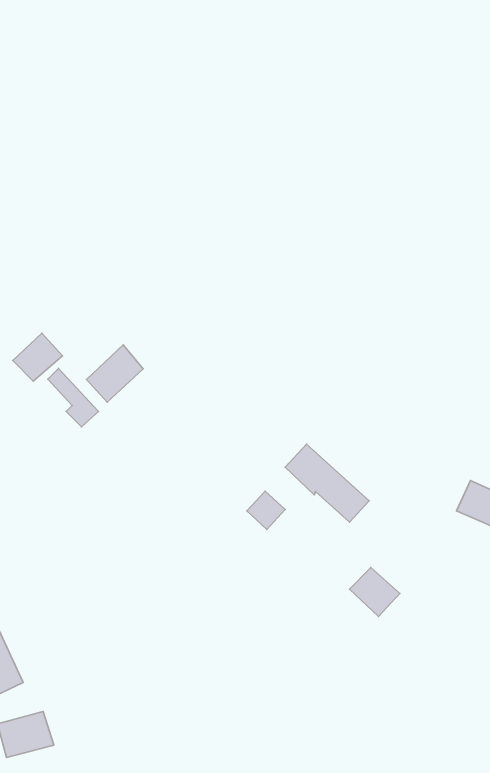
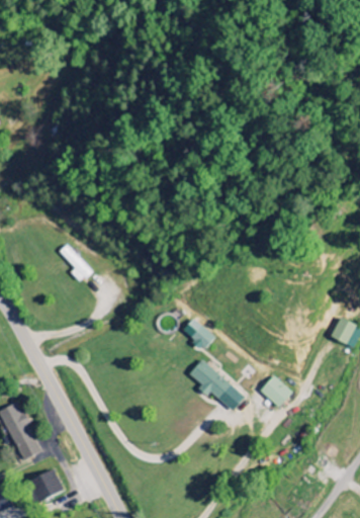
building: [13,333,62,381] -> none
building: [87,345,143,402] -> none
building: [285,444,369,522] -> [188,359,244,411]

